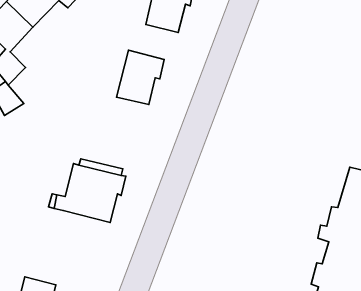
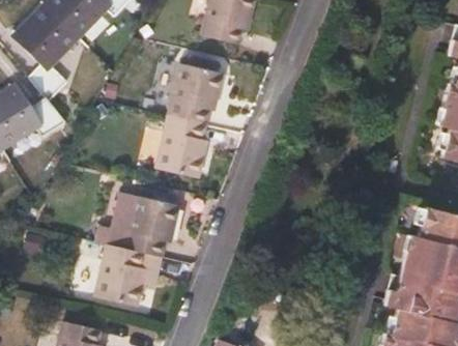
building: none -> [155,117,204,179]
building: none -> [94,244,161,307]

